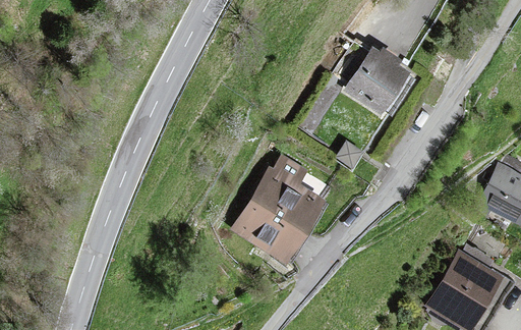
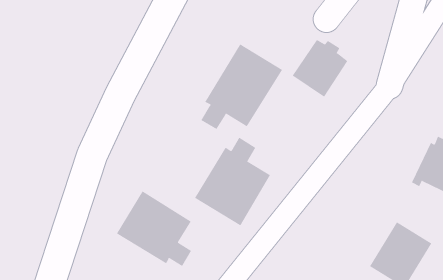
building: none -> [200,44,283,130]
building: none -> [116,190,192,267]

